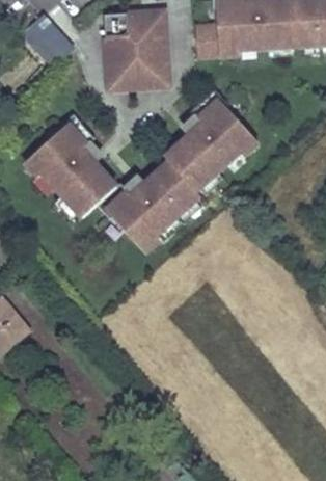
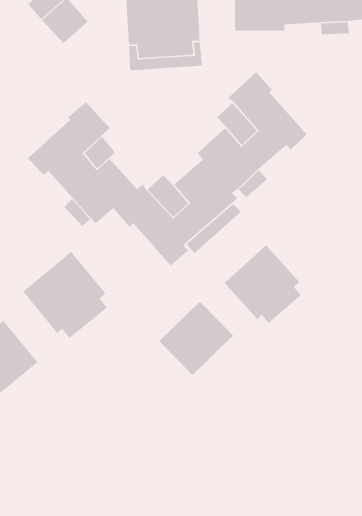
building: none -> [224,244,302,324]
building: none -> [22,251,108,339]
building: none -> [159,301,234,376]

